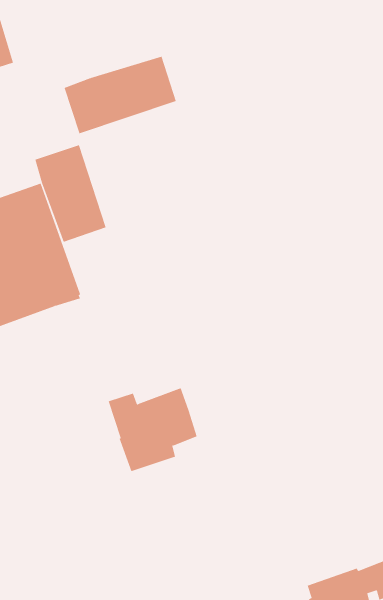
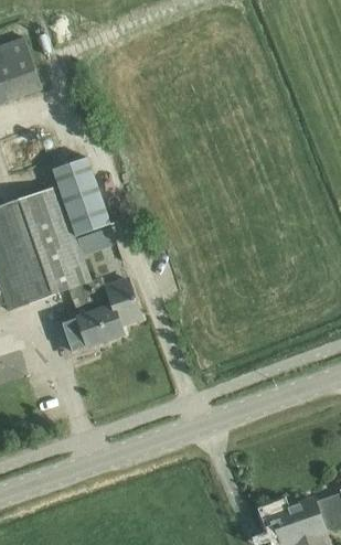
building: [64,56,177,134] -> none
building: [108,388,198,472] -> [68,277,141,345]

